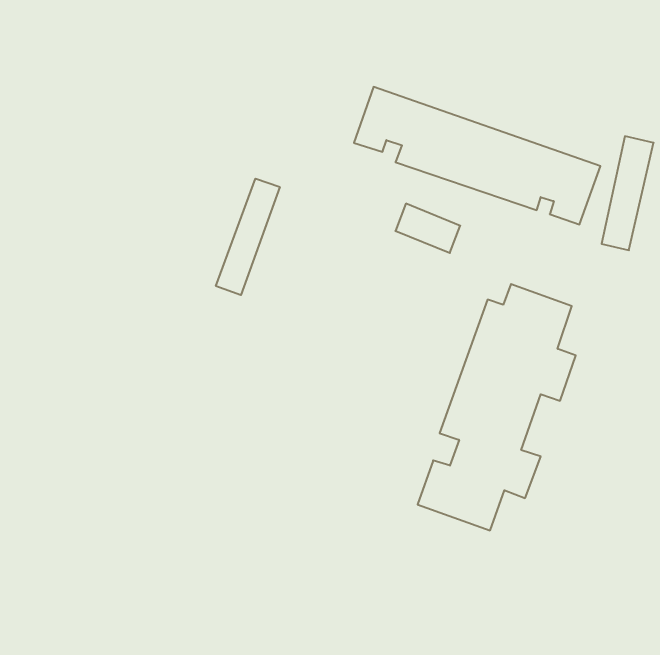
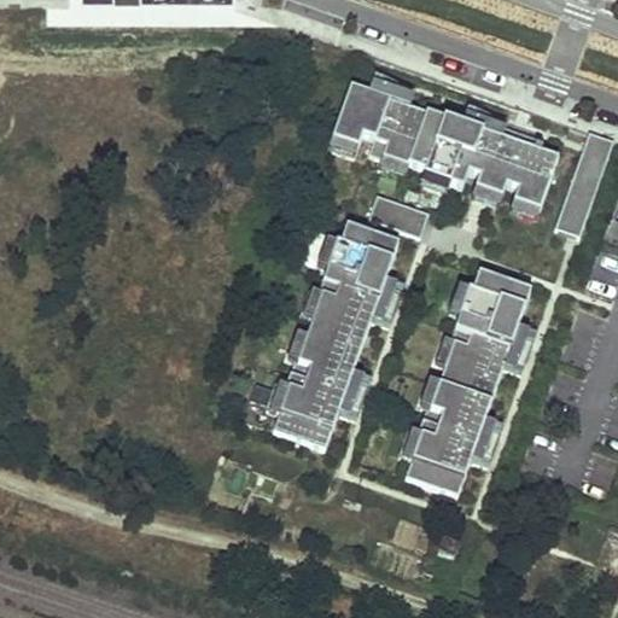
building: [216,179,280,295] -> none
building: none -> [260,221,408,450]

